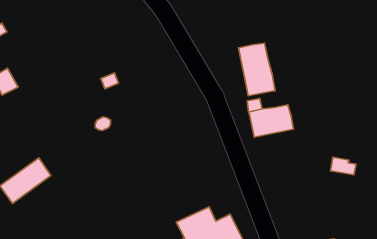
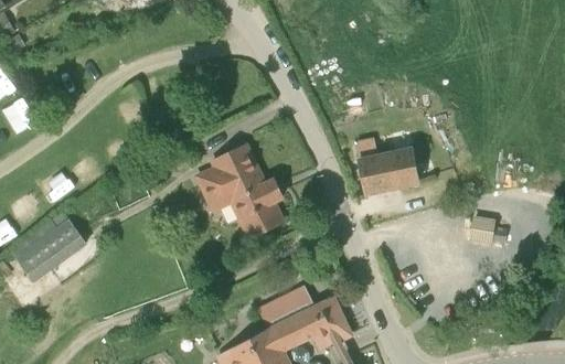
building: [238,43,275,96] -> none
building: none -> [195,144,284,237]

